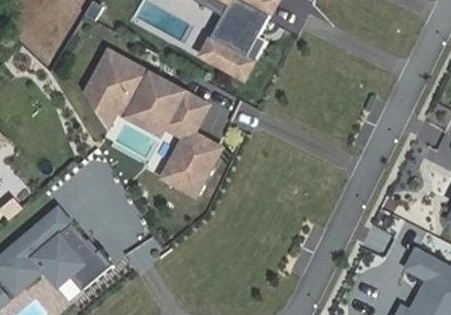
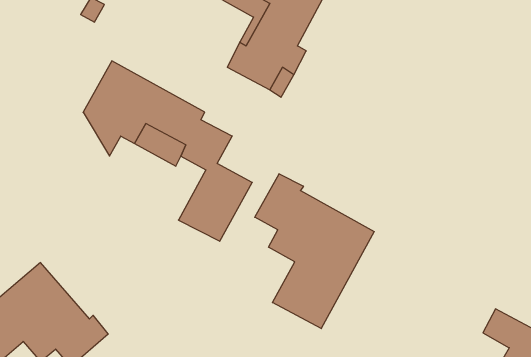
building: [193,110,232,147] -> none
building: none -> [255,174,374,329]

